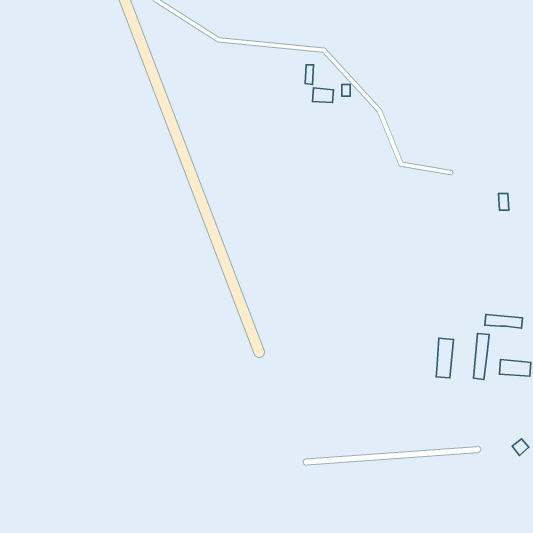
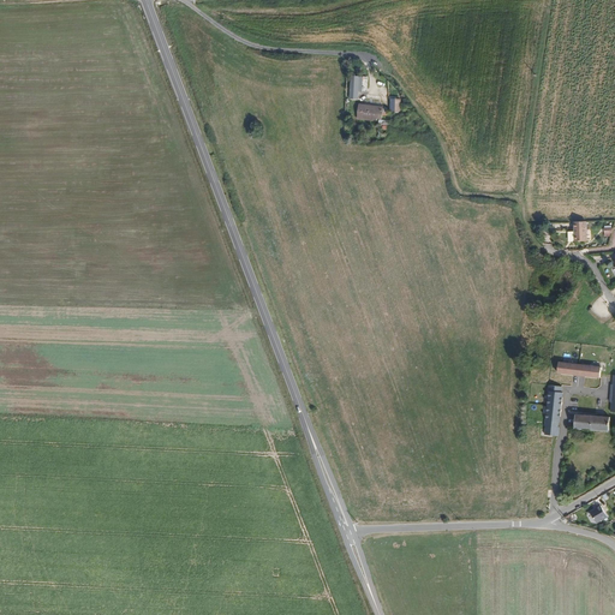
building: [436,338,454,378] -> none

